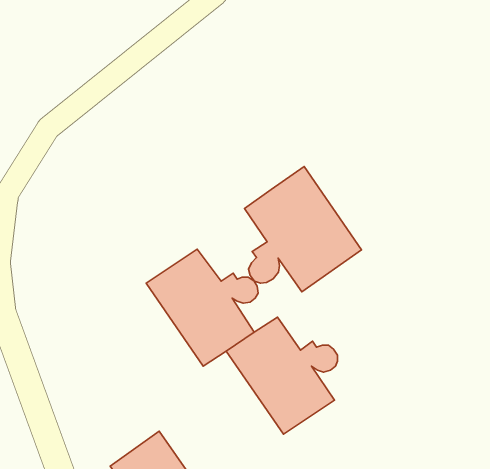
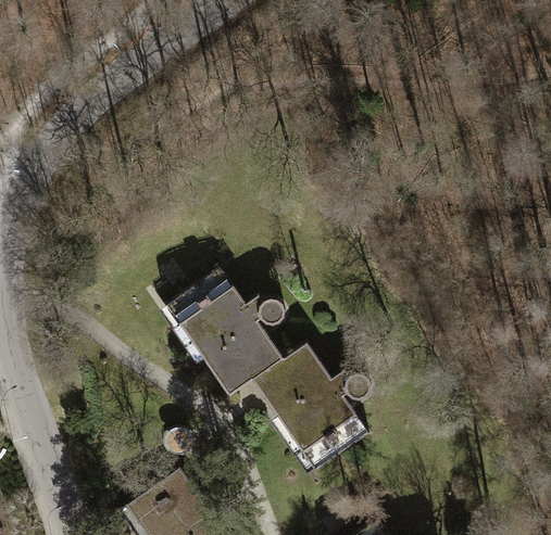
building: [245,166,361,292] -> none

